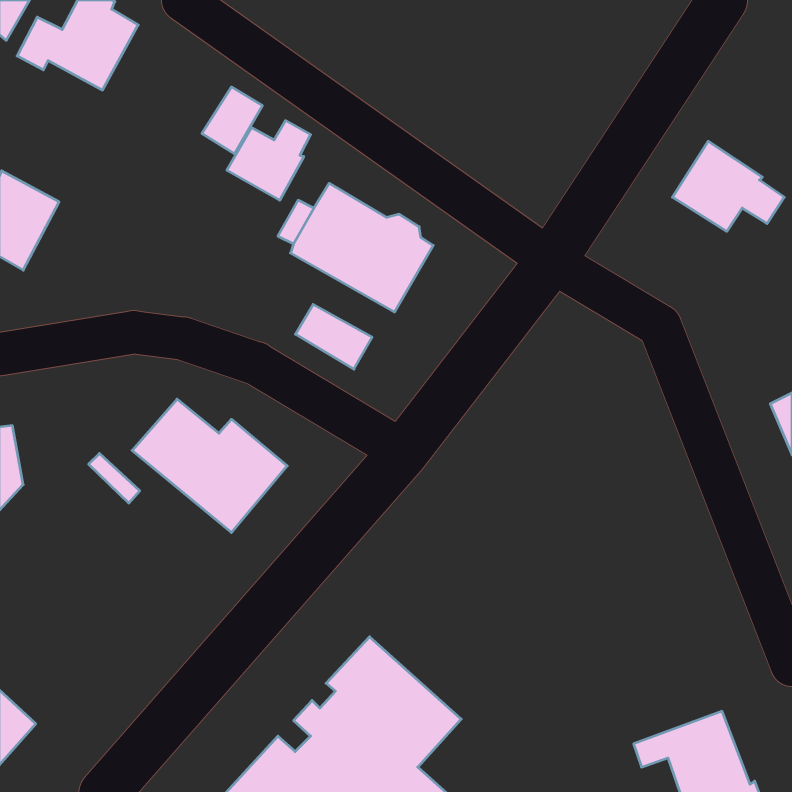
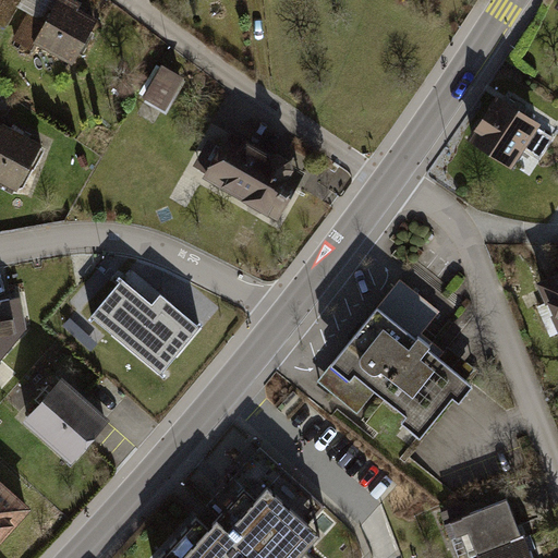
building: [227,121,311,200] -> none
building: [295,304,372,369] -> none
building: none -> [316,280,466,430]
building: none -> [24,378,110,464]

